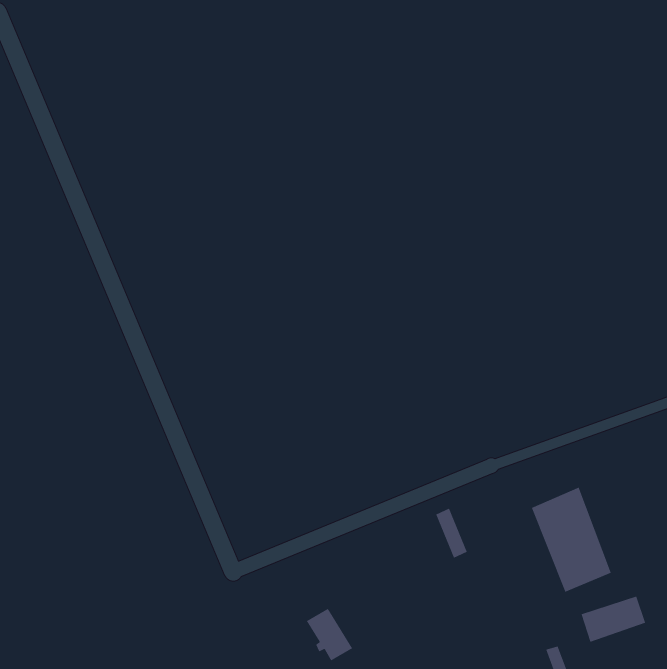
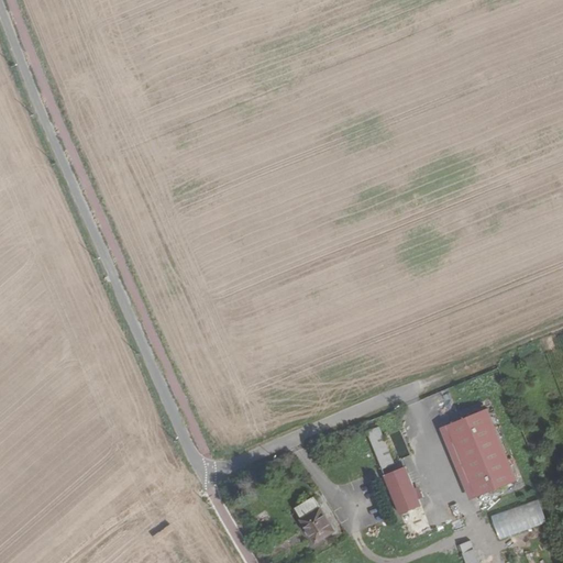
building: none -> [383,467,420,515]
building: [306,608,353,662] -> [294,497,333,542]

